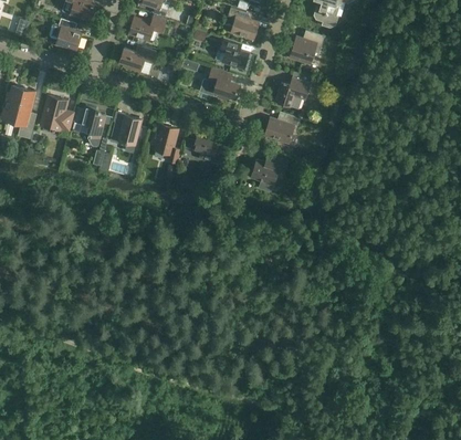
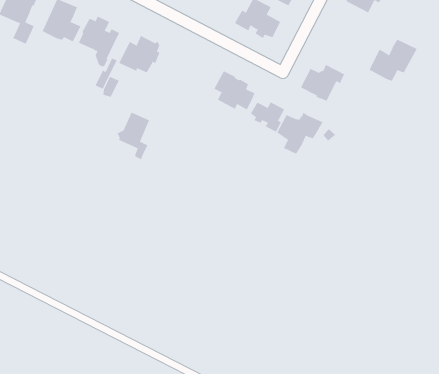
building: [275,72,313,108] -> [369,39,418,82]
building: [153,125,180,164] -> [117,112,150,160]
building: none -> [250,102,285,133]

